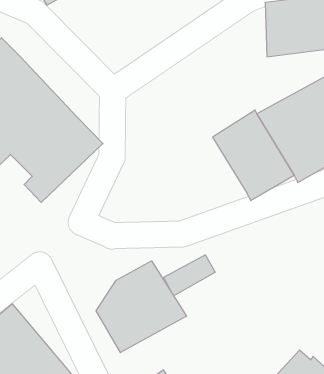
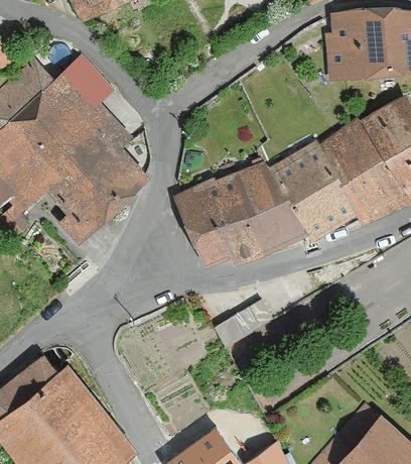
building: none -> [56,60,131,148]
building: none -> [175,163,308,266]
building: [96,261,187,353] -> none

